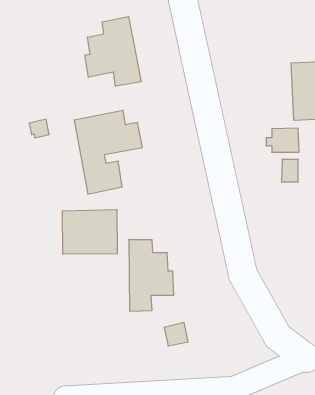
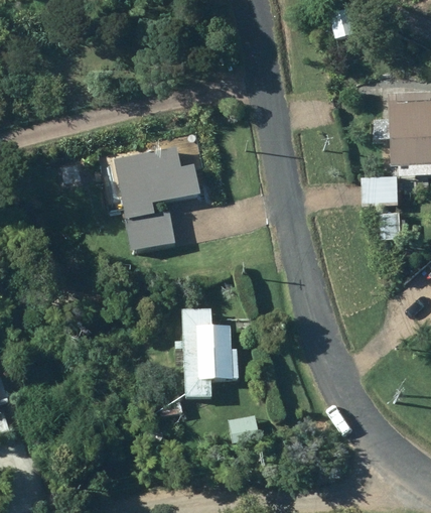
building: [85,17,141,86] -> none
building: [62,209,117,254] -> none

